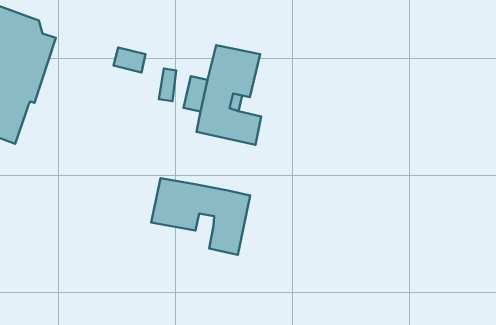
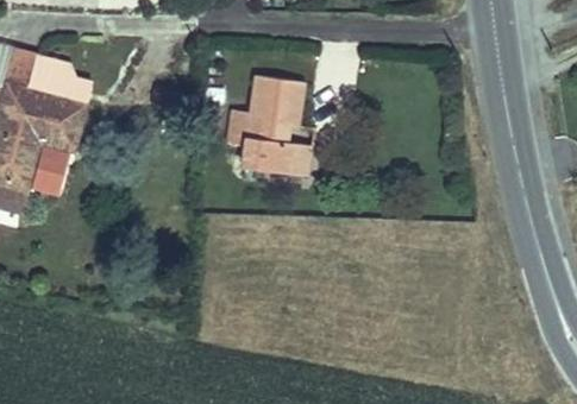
building: [151,178,250,255] -> none

